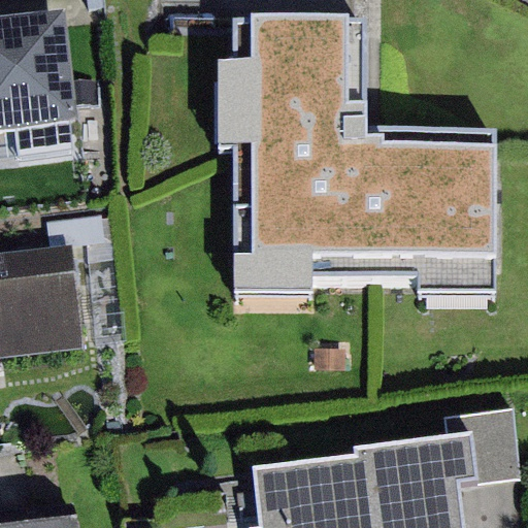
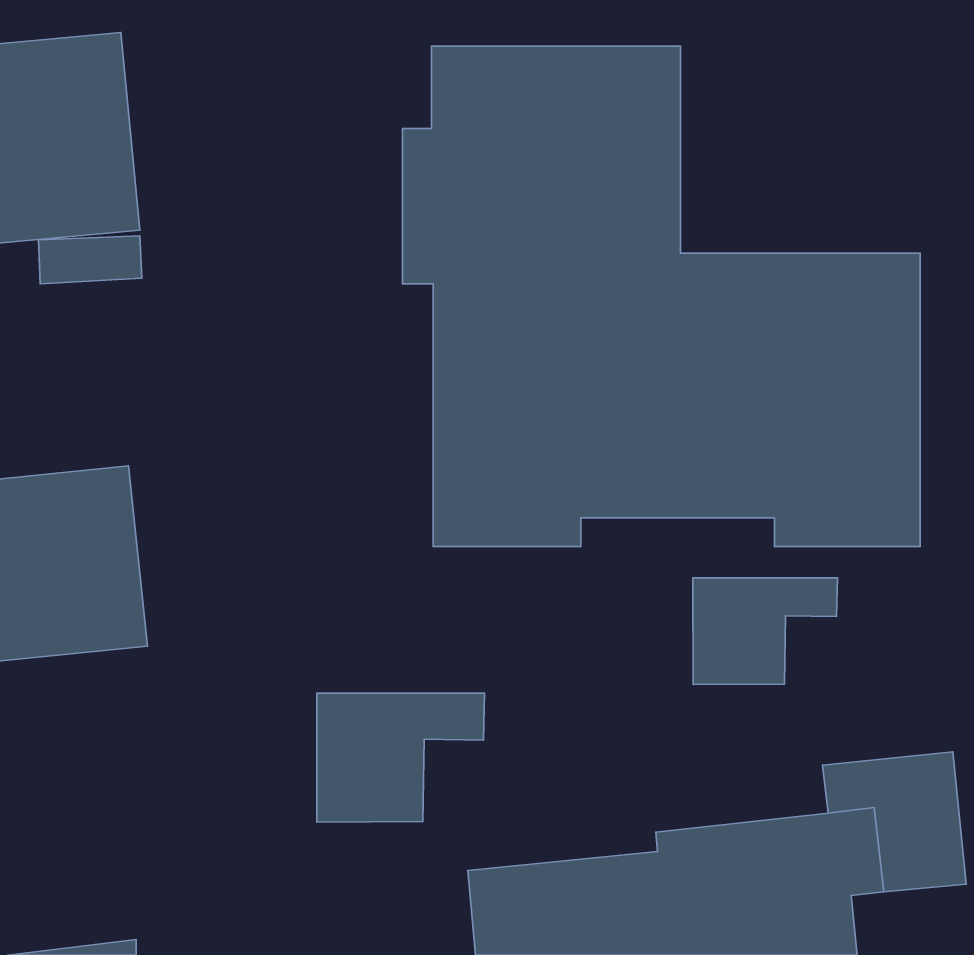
building: none -> [693,578,837,685]
building: none -> [317,693,484,822]

